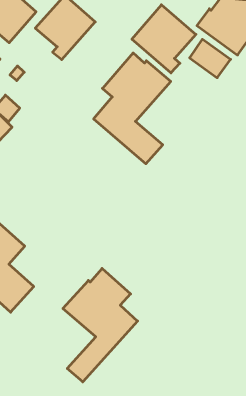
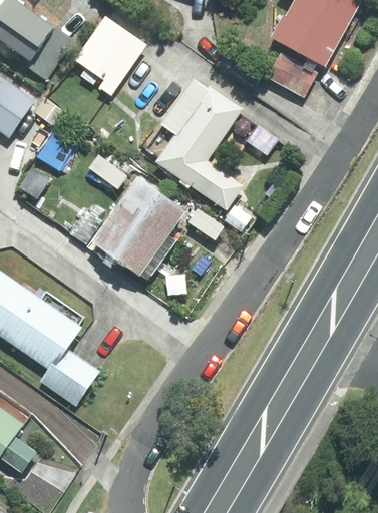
building: [132,5,196,73] -> none
building: none -> [93,176,187,275]
building: [63,268,138,382] -> none

